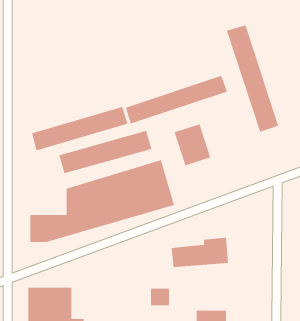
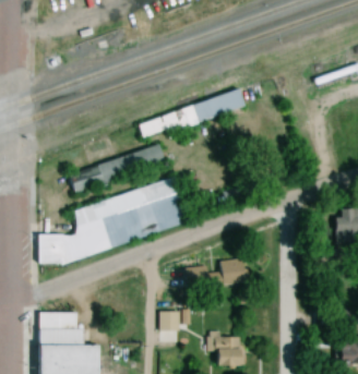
building: [226,25,279,133] -> none
building: [31,106,128,151] -> none
building: [174,123,211,166] -> none

